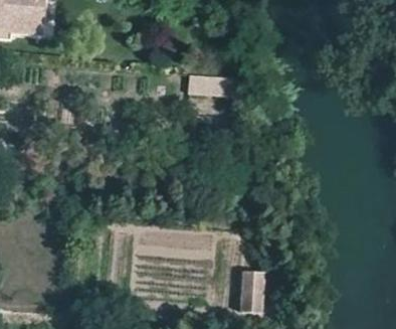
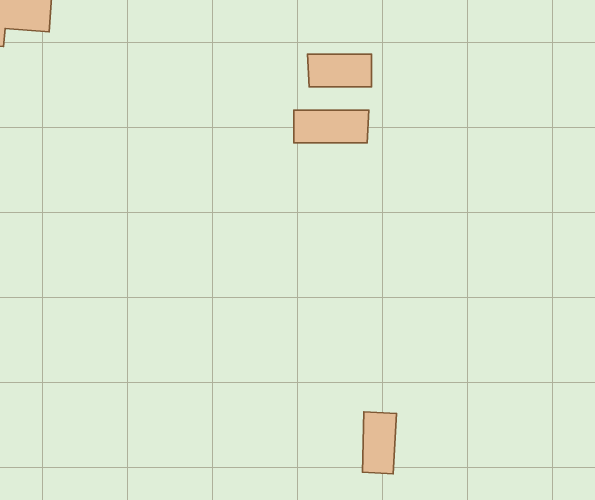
building: none -> [308,54,372,87]

